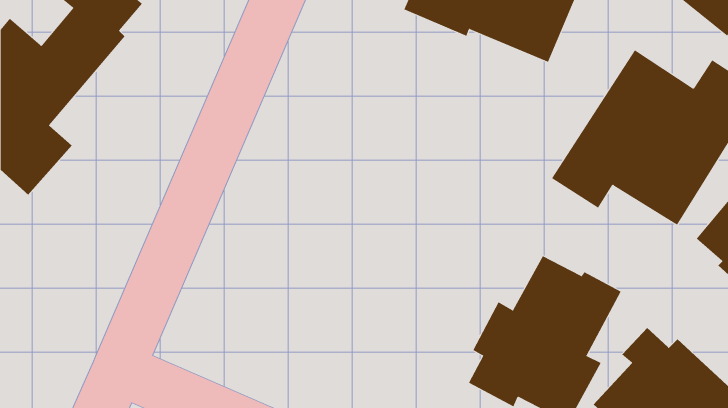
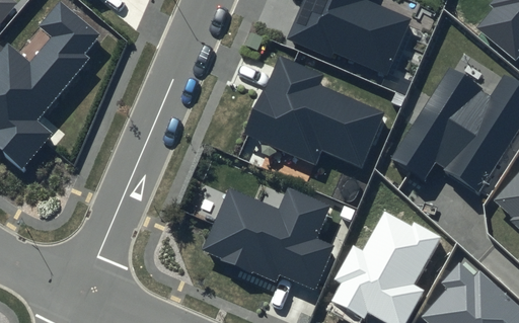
building: none -> [244,54,385,167]
building: none -> [201,187,336,291]

